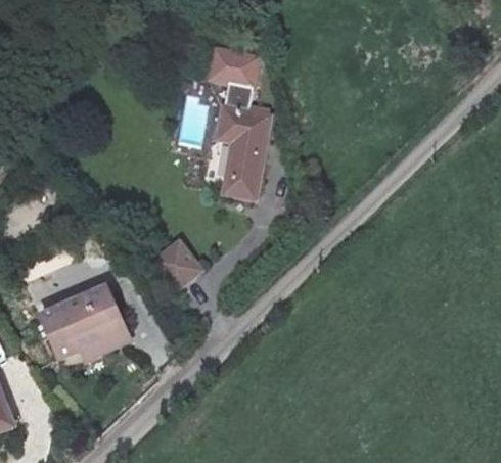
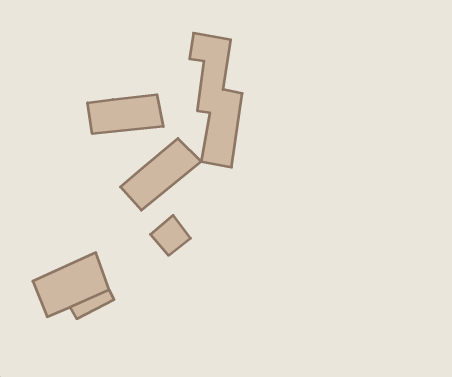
building: none -> [88,95,163,134]
building: none -> [120,138,201,210]

